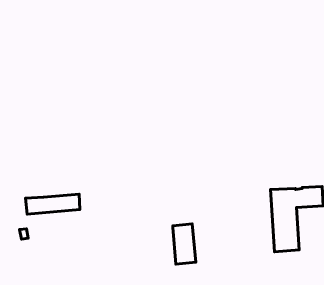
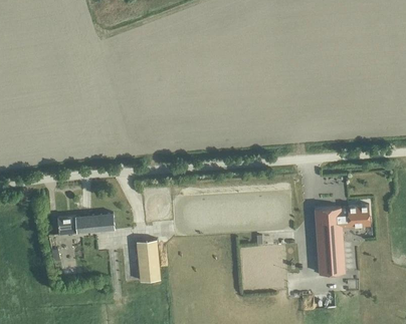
building: [173,224,196,264] -> [137,240,161,282]

